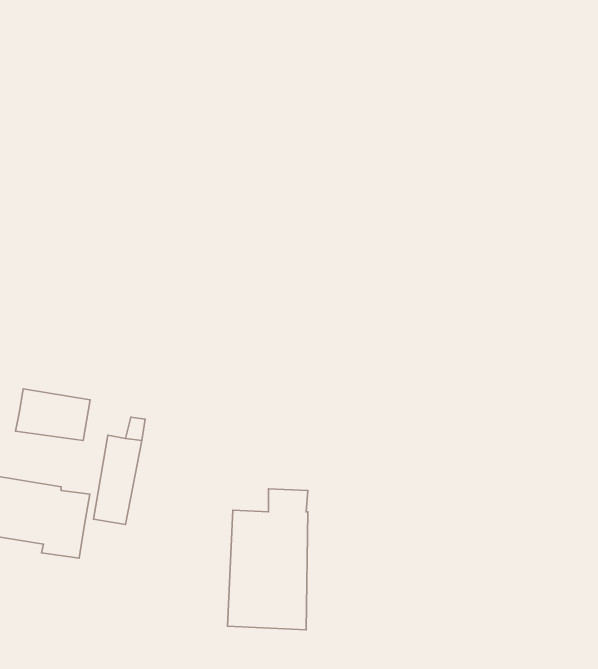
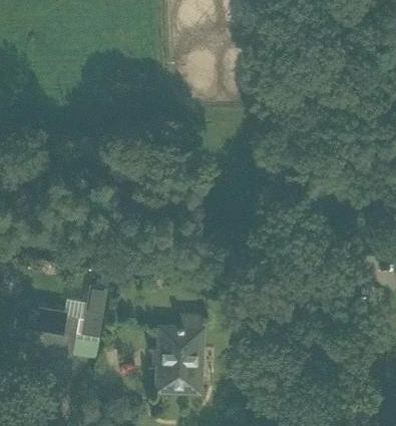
building: [16,389,90,440] -> none

